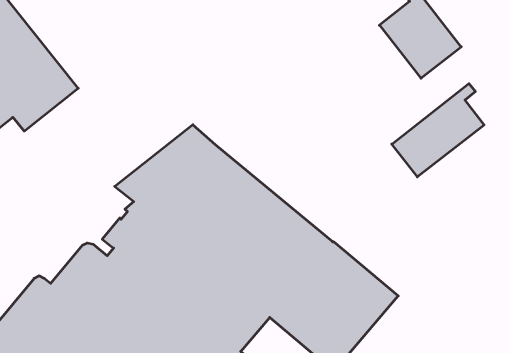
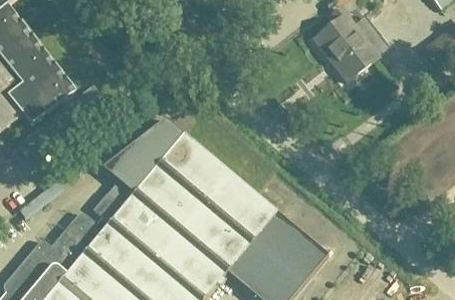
building: [392,84,484,177] -> none

